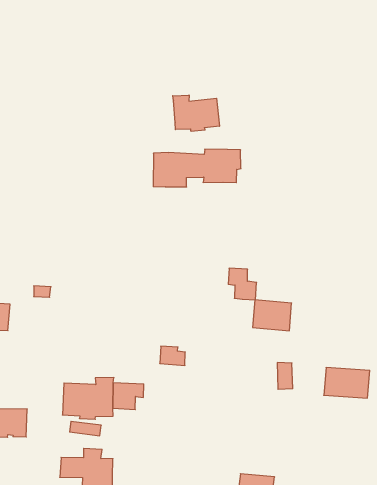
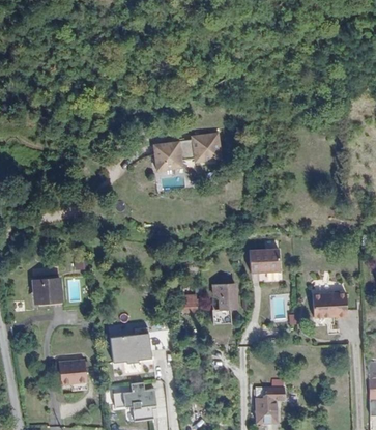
building: [173,95,219,131] -> none
building: [228,268,257,300] -> [211,283,235,307]

